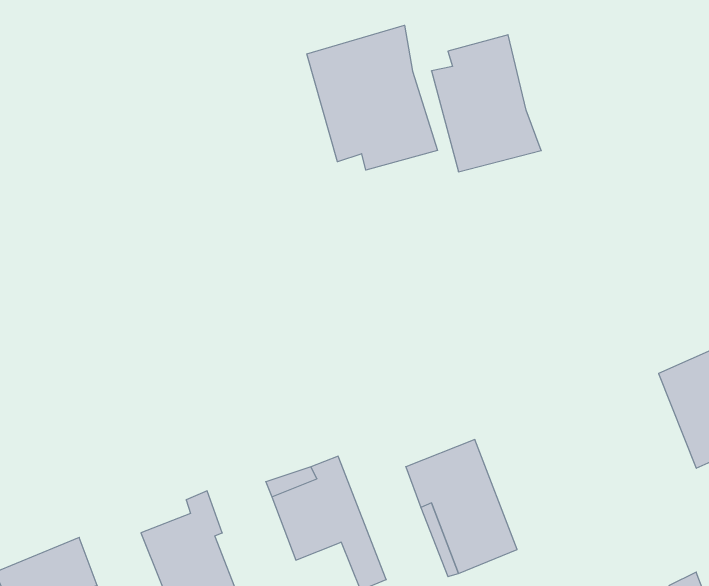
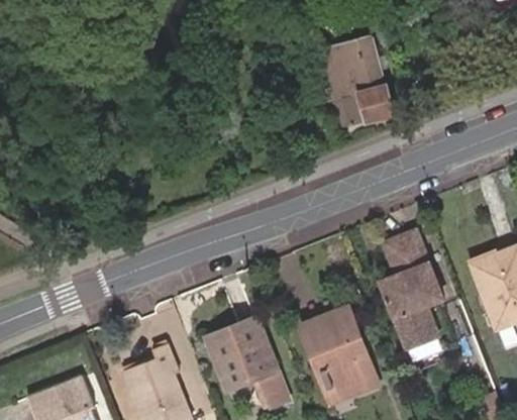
building: [307,25,438,170] -> none
building: none -> [382,230,442,357]

